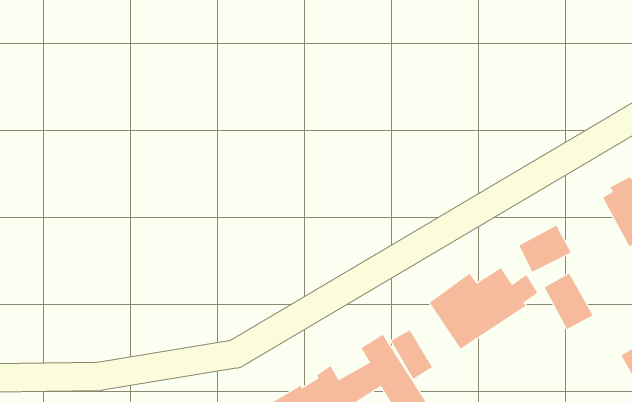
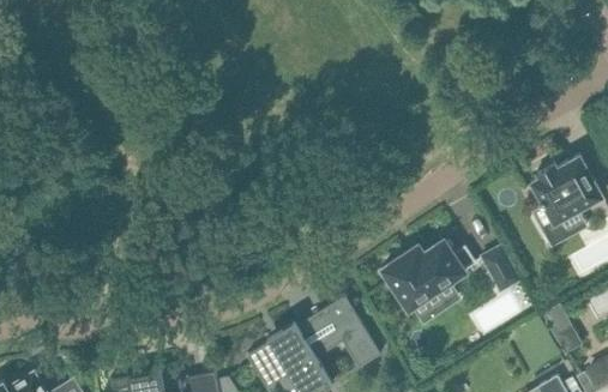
building: [518,225,572,272] -> none
building: [391,329,433,380] -> none

